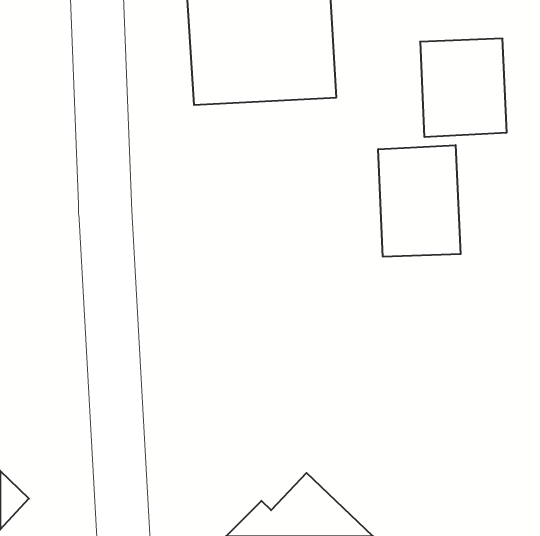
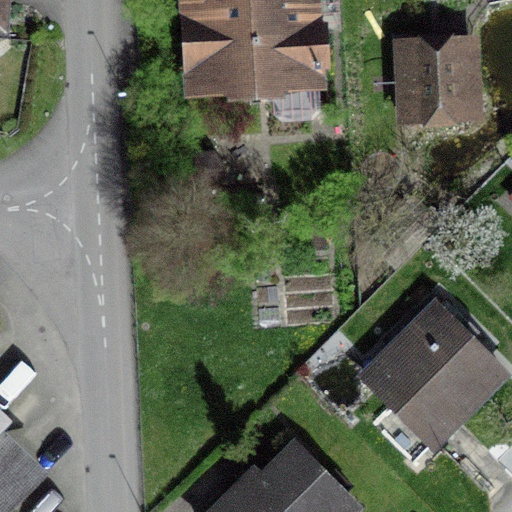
building: [378,145,461,257] -> none
building: none -> [357,302,507,452]

